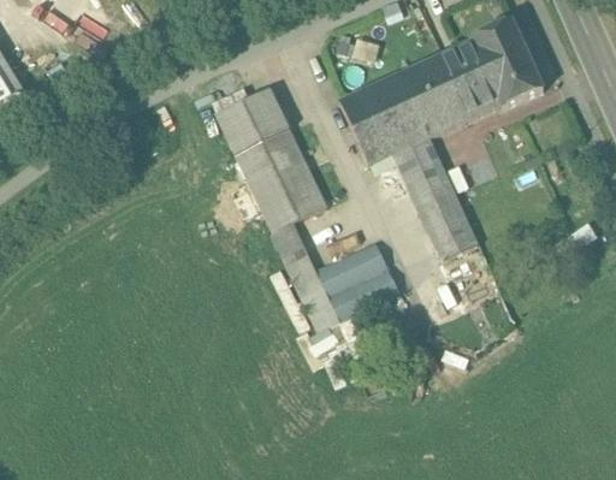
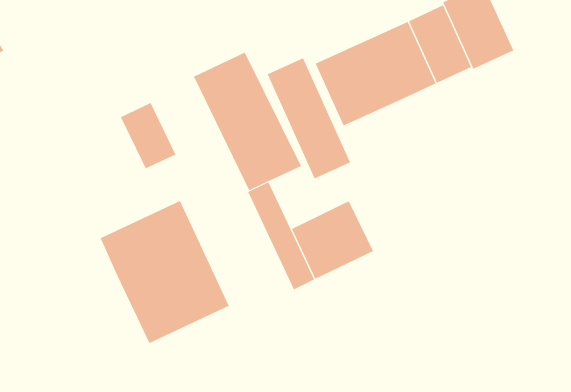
building: [392,136,478,260] -> [267,58,351,179]
building: none -> [120,102,176,169]
building: none -> [100,200,230,344]

